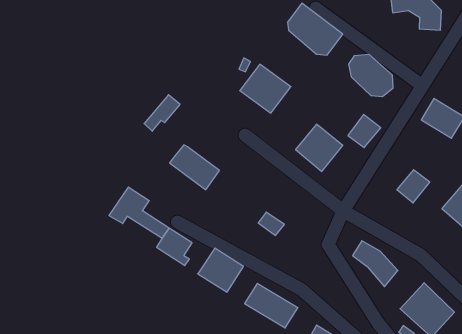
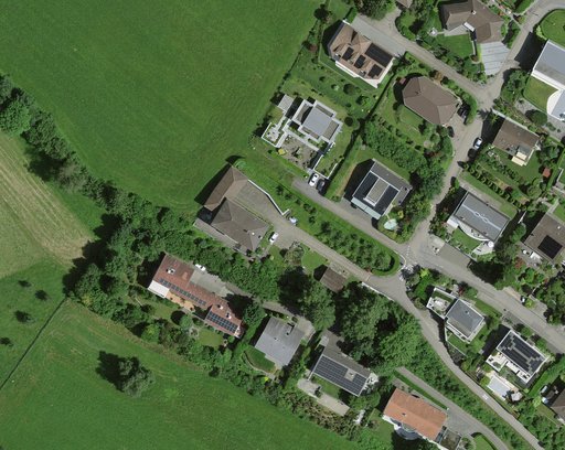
building: [144,95,180,131] -> [206,170,245,213]
building: [348,114,381,148] -> [451,190,488,227]

